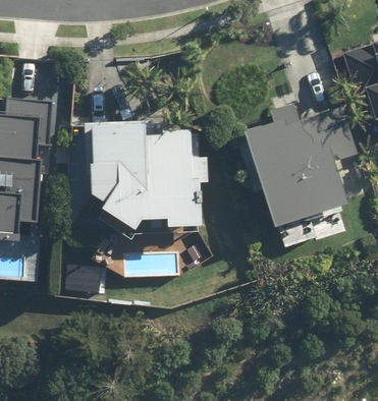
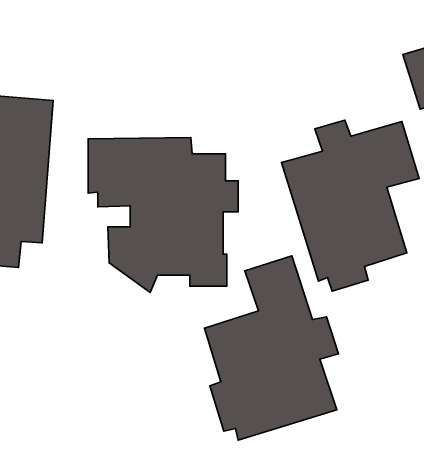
building: none -> [205,256,339,440]

